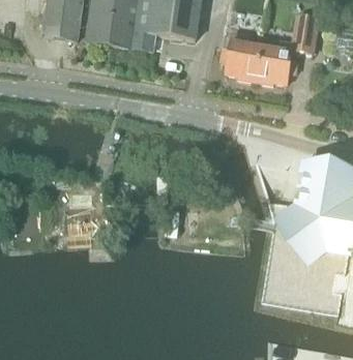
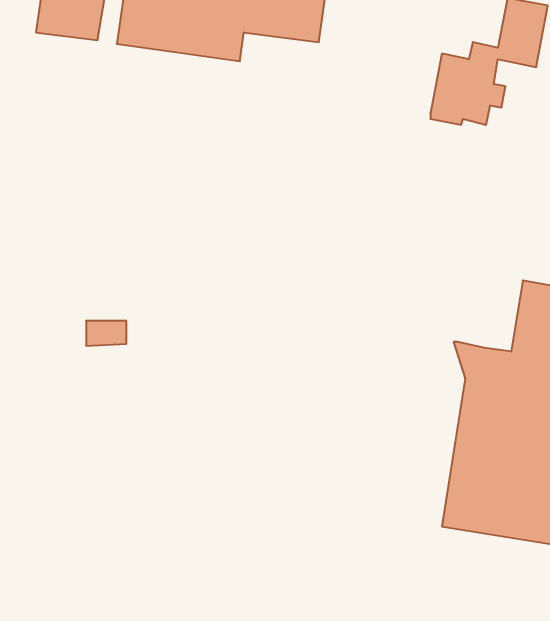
building: [223,29,263,79] -> none

